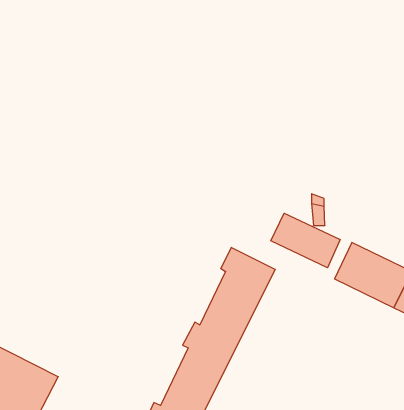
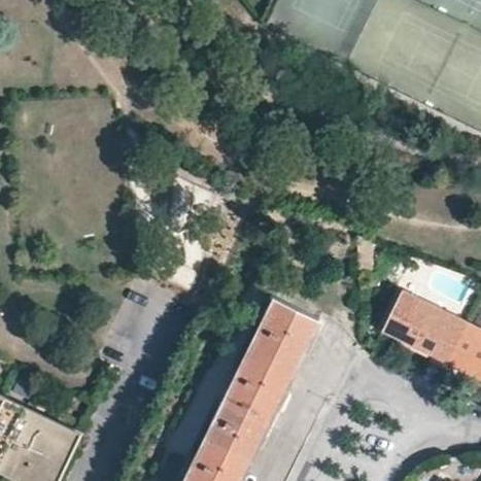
building: [271,213,340,268] -> none

